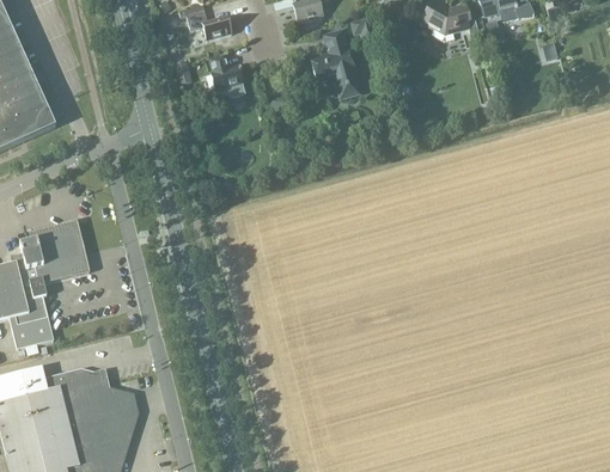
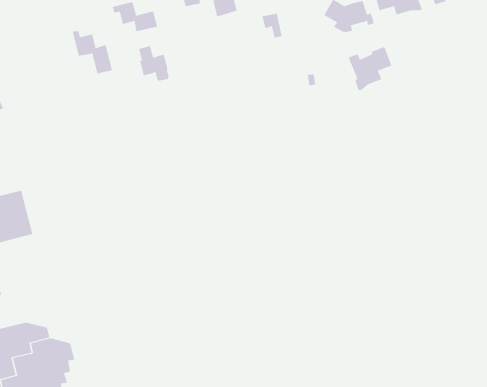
building: [311,30,360,98] -> none
building: none -> [72,30,113,74]
building: none -> [348,46,392,92]

